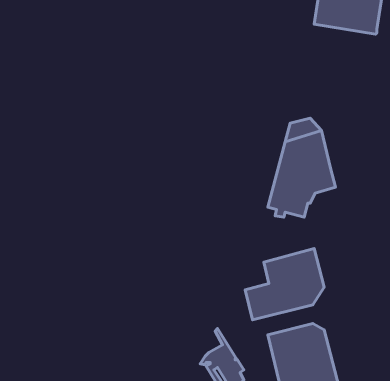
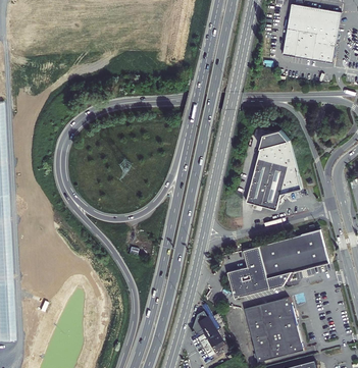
building: none -> [283,228,326,269]

